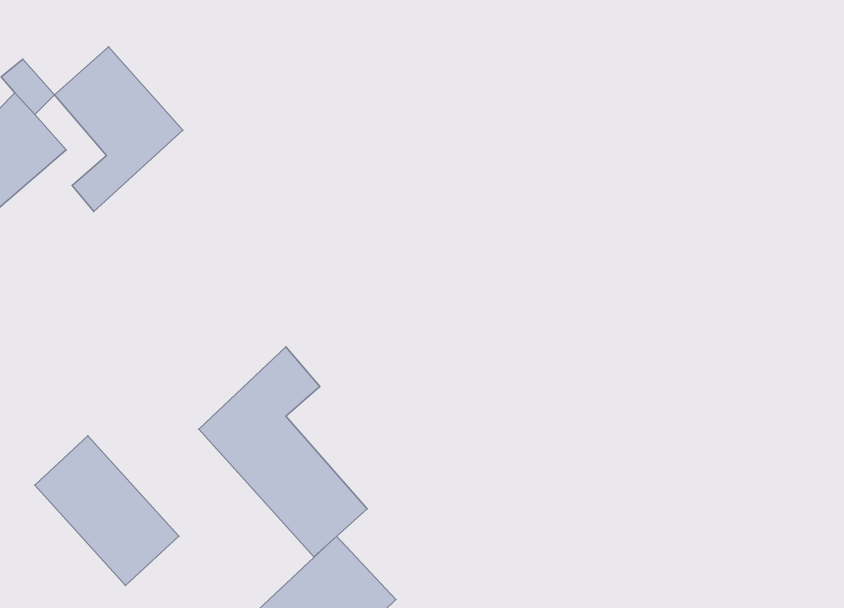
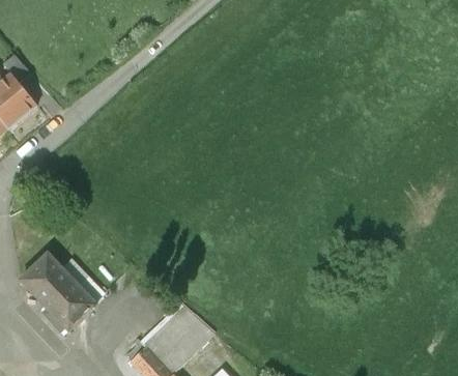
building: [54,47,183,212] -> none
building: [199,347,367,557] -> none

